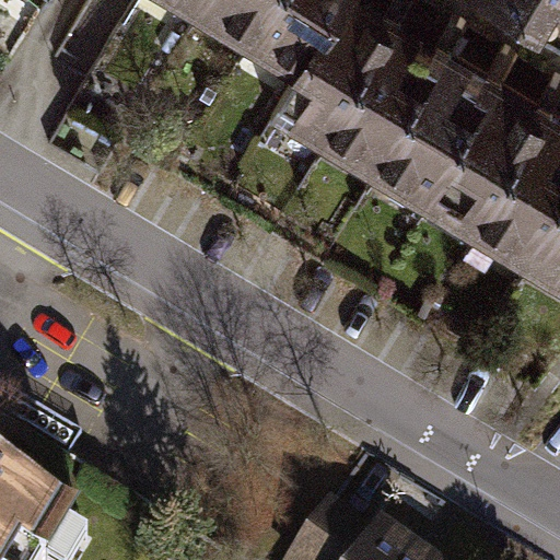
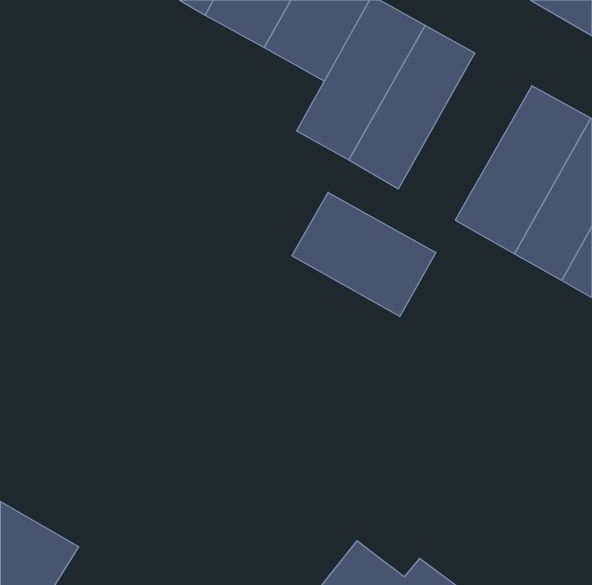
building: [376,57,502,214] -> none
building: none -> [292,192,436,317]

